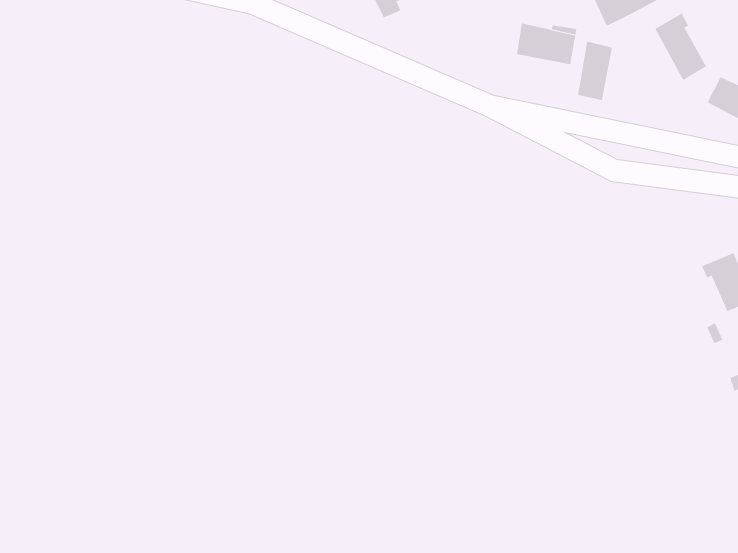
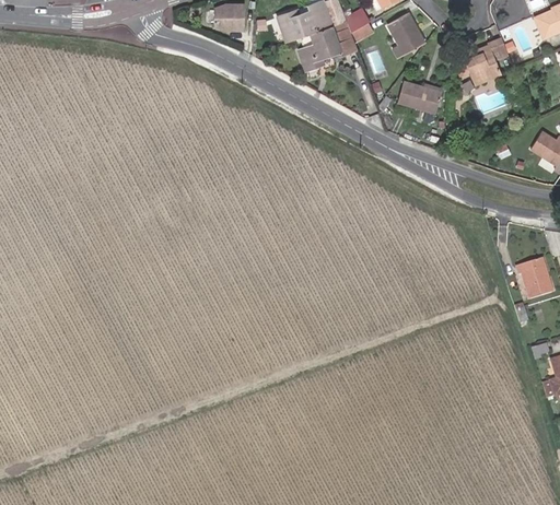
building: [655,12,707,81] -> none
building: [578,41,612,101] -> none

